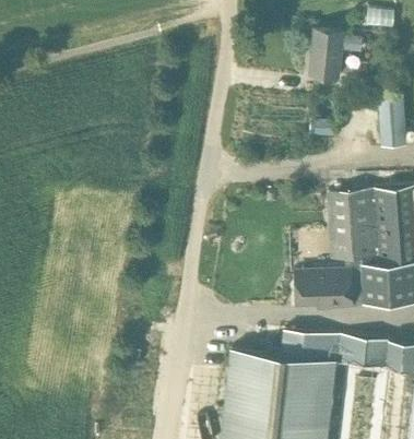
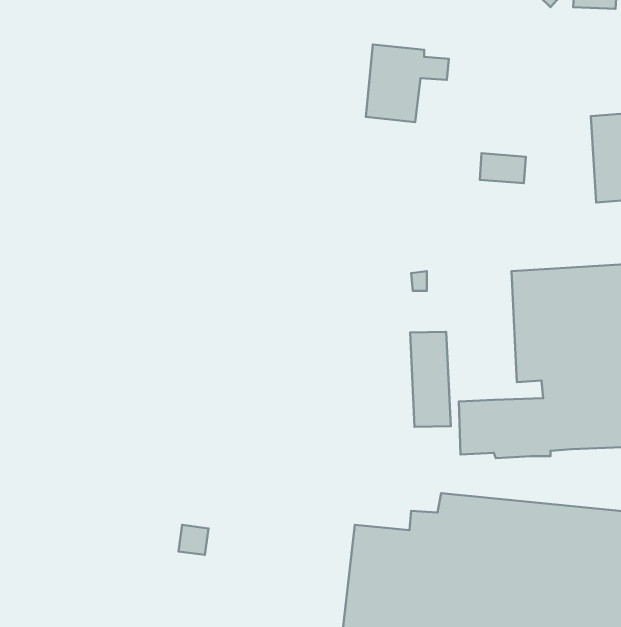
building: [307,32,358,80] -> [366,45,449,122]
building: none -> [410,332,451,427]

